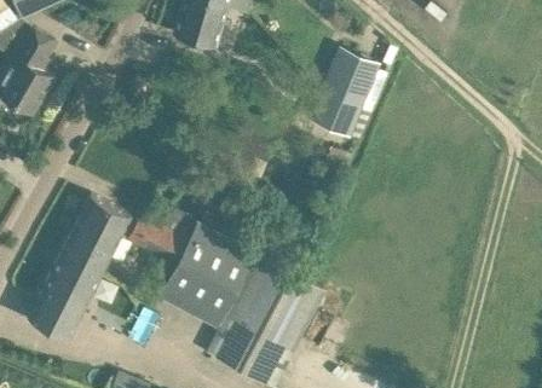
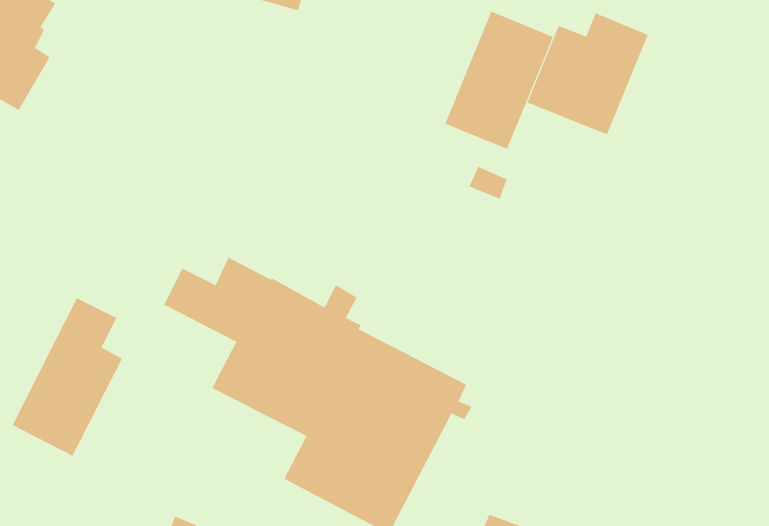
building: none -> [527,13,649,135]
building: [69,196,129,276] -> none

